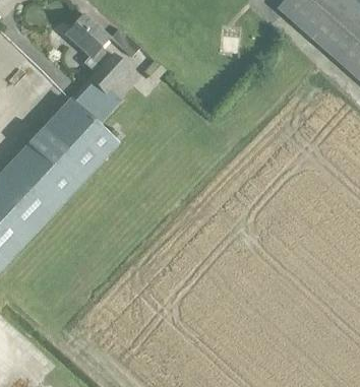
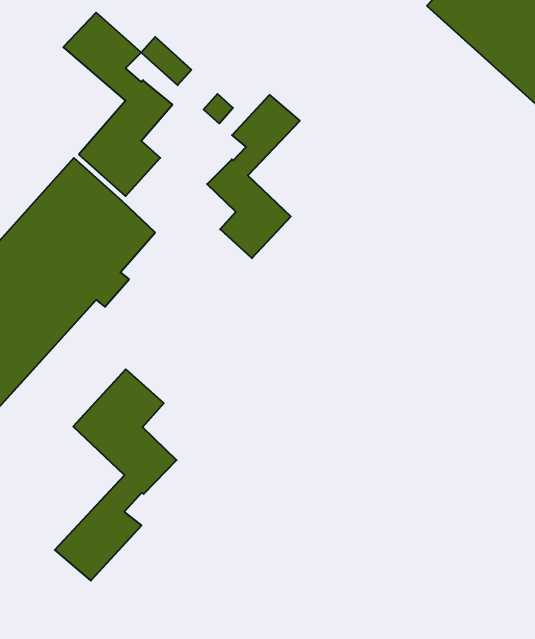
building: none -> [207,95,300,258]
building: none -> [55,369,177,581]

